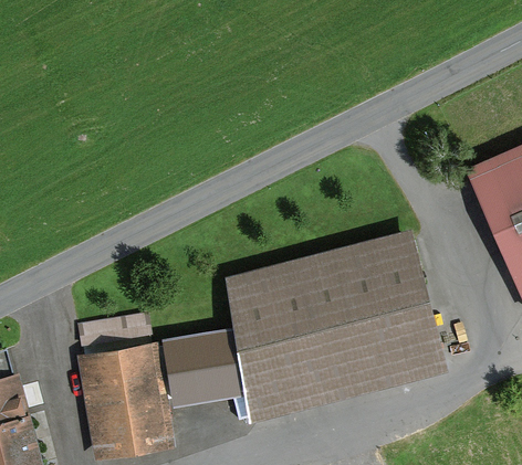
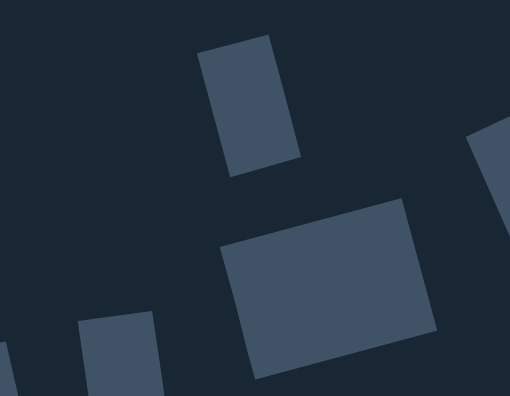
building: none -> [196,34,302,178]
building: [158,336,251,400] -> none

